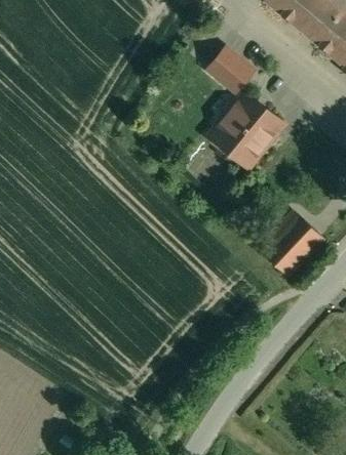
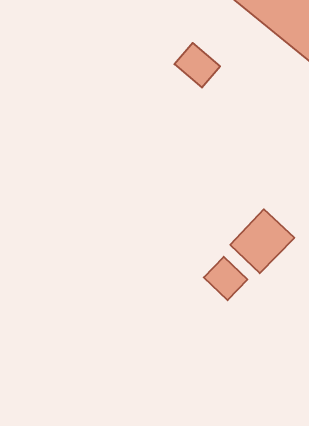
building: [210,91,282,166] -> none
building: none -> [204,257,247,300]

